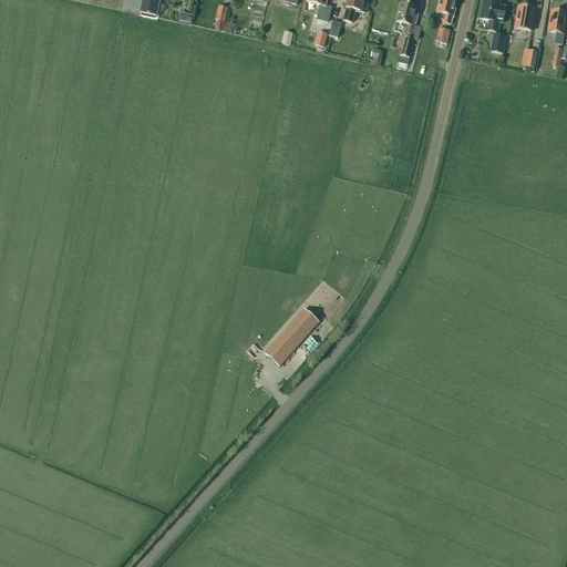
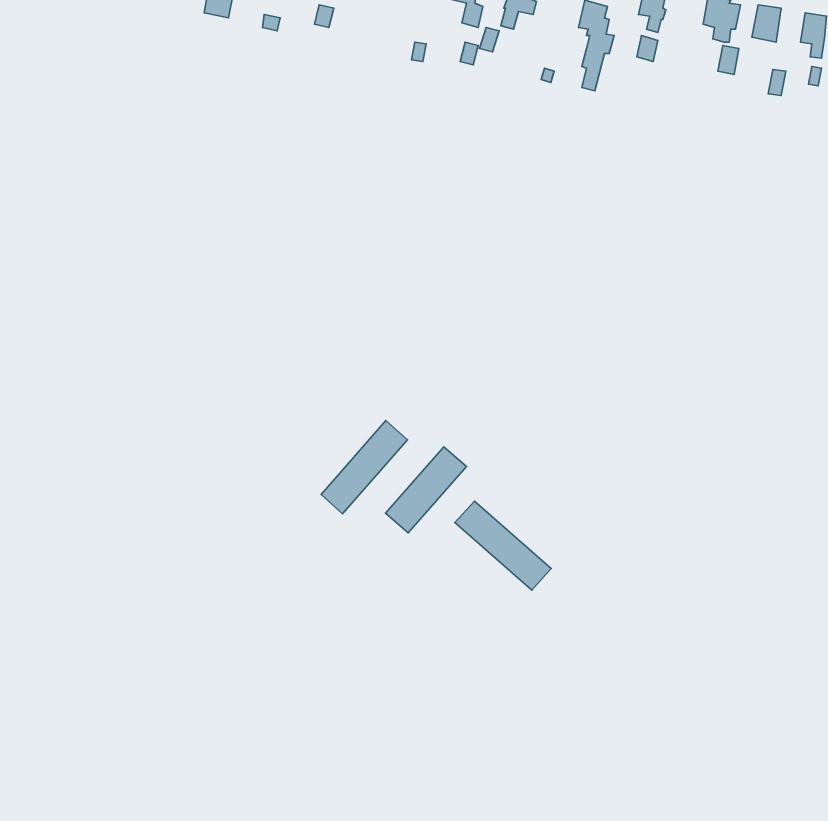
building: none -> [321,421,407,514]
building: none -> [455,501,551,590]

